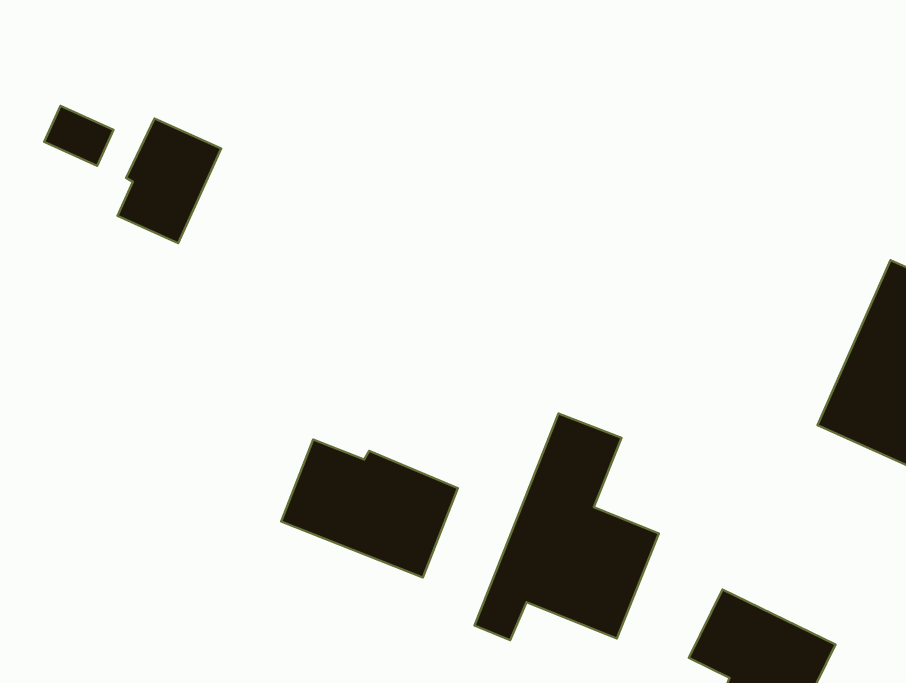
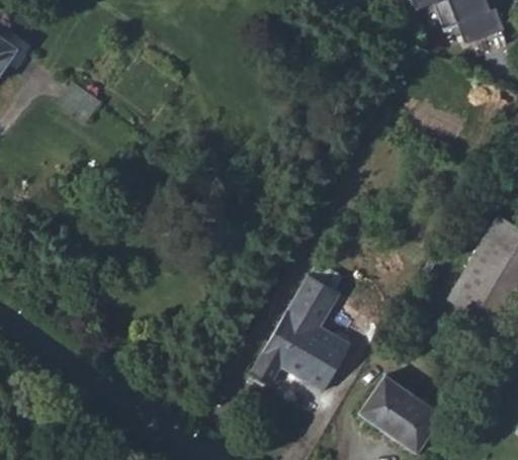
building: [117,119,221,243] -> none
building: [281,440,458,578] -> none

